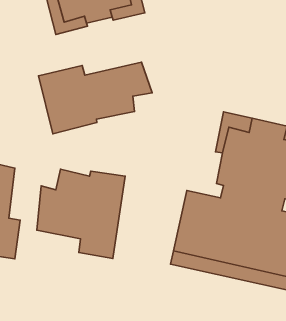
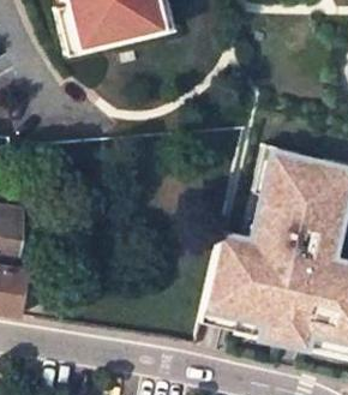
building: [38,62,152,134] -> none
building: [37,169,125,259] -> none

